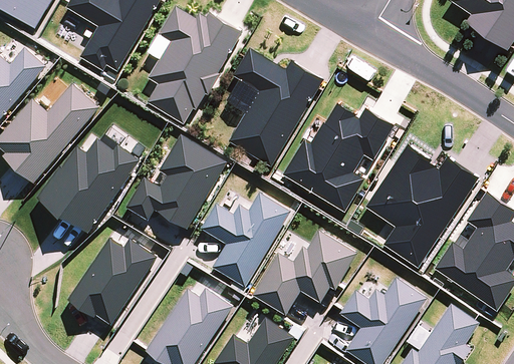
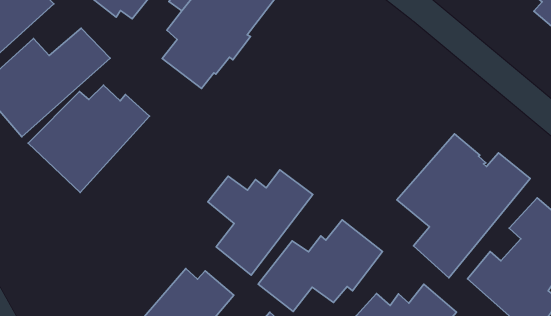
building: [229,52,324,171] -> none
building: [283,106,396,216] -> none
building: [125,138,227,232] -> none
building: [67,235,159,322] -> none

